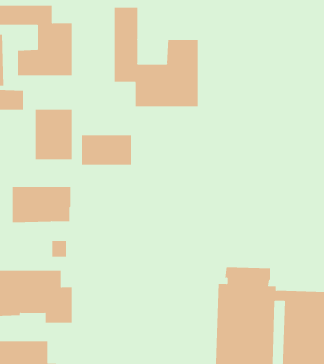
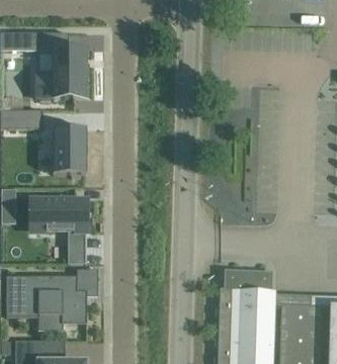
building: [114,7,198,107] -> none
building: [82,135,131,166] -> none

